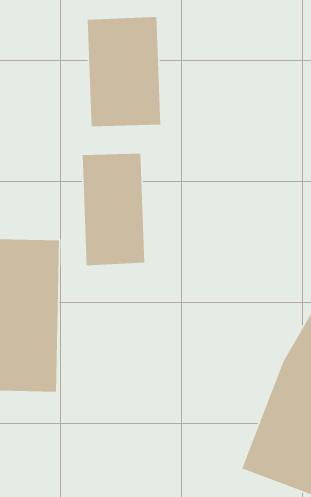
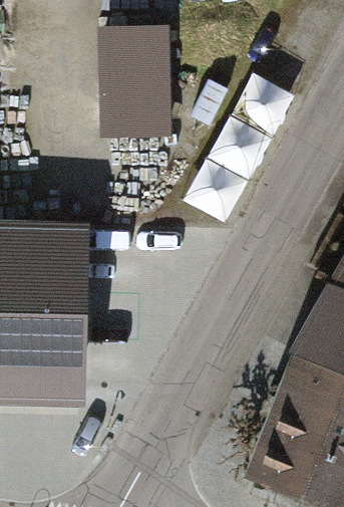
building: none -> [187,66,296,217]
building: [82,153,145,266] -> none

